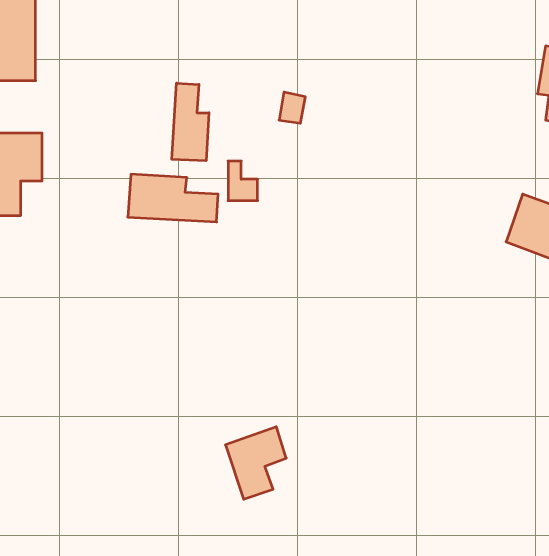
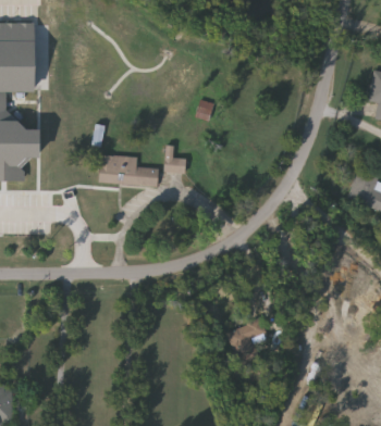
building: [172,83,209,161] -> none
building: [225,427,286,499] -> [226,318,267,366]

